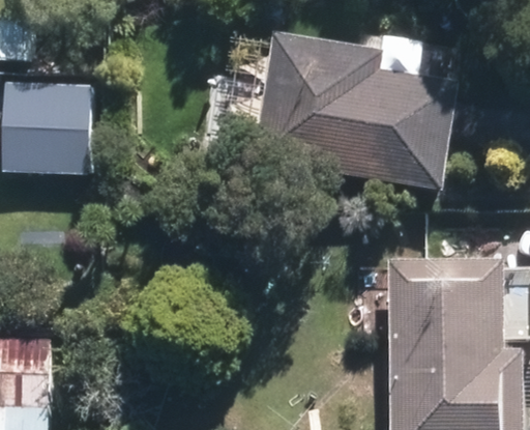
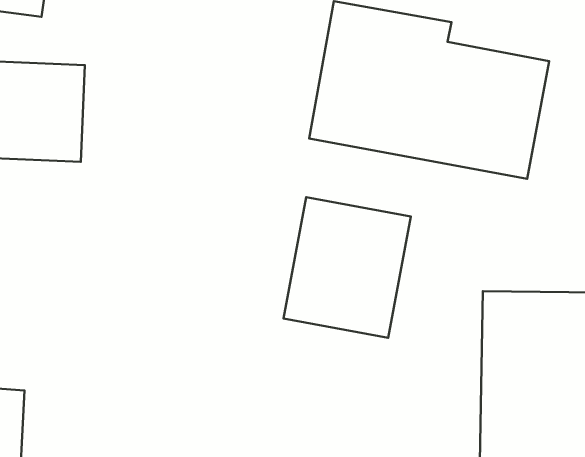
building: none -> [284,197,411,338]

